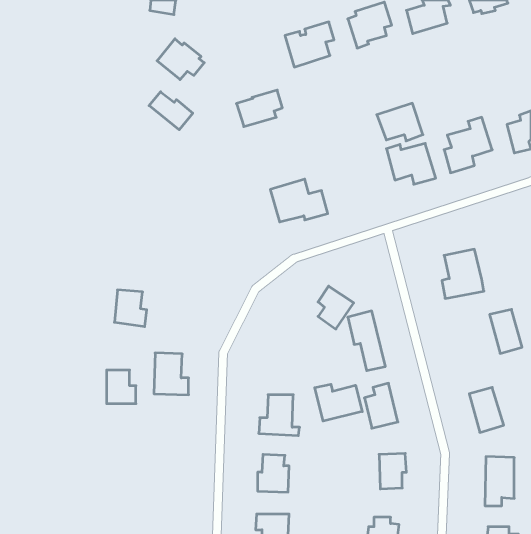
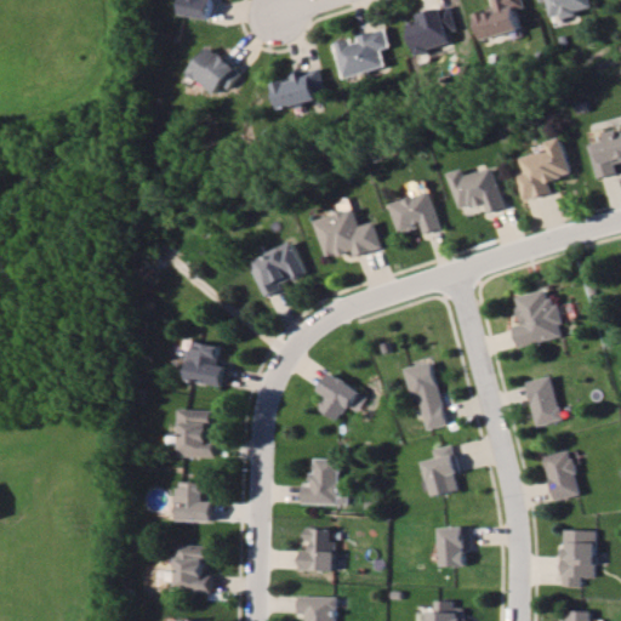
building: [236,90,282,127] -> [269,67,323,109]
building: [149,92,193,130] -> none
building: [377,103,423,141] -> [387,192,440,235]
building: none -> [249,244,304,297]
building: [318,286,354,329] -> [317,372,358,422]
building: [114,290,147,327] -> [187,343,224,386]
building: [490,309,522,353] -> [525,376,563,427]
building: [107,370,136,404] -> [178,483,212,522]
building: [315,384,362,421] -> none
building: none -> [173,545,210,593]

